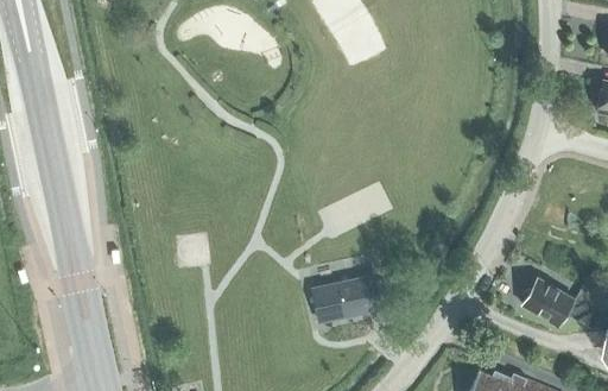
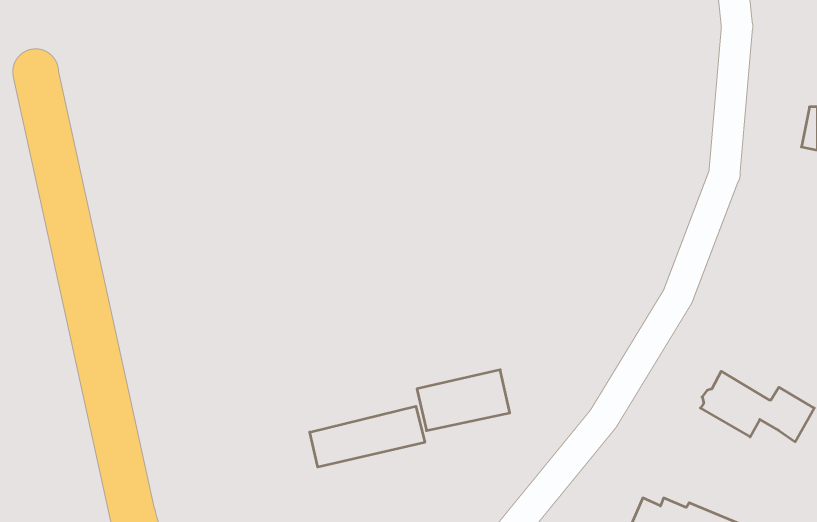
building: none -> [310,406,425,467]

